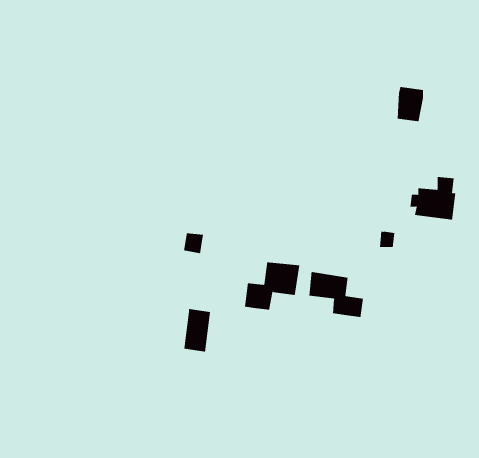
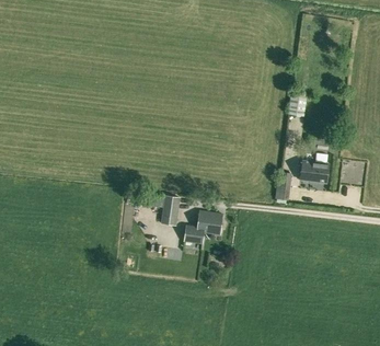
building: [309,271,363,318] -> none
building: [183,309,211,352] -> [161,196,180,226]

